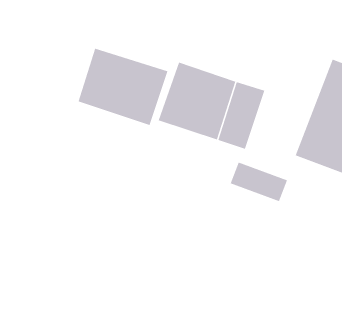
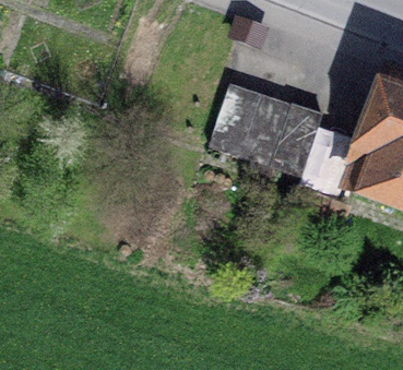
building: [78,48,168,126] -> none

